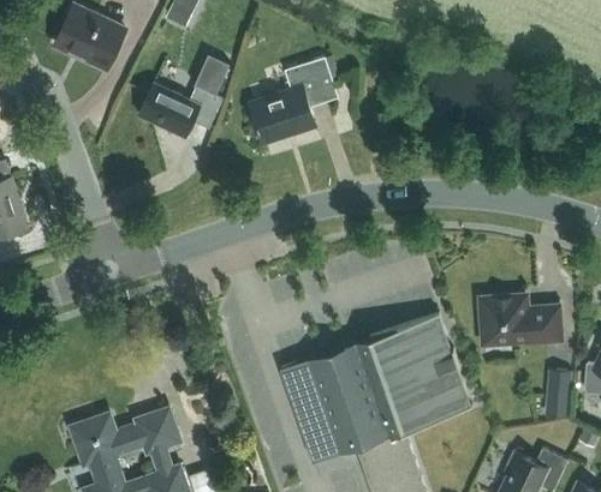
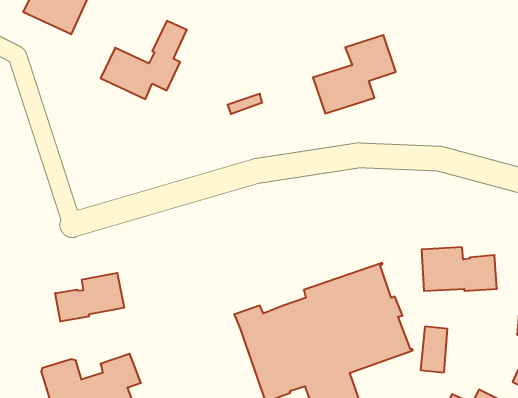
building: [249,58,338,142] -> [313,35,396,113]
building: none -> [55,273,124,322]
building: [542,370,571,419] -> [421,327,447,372]

